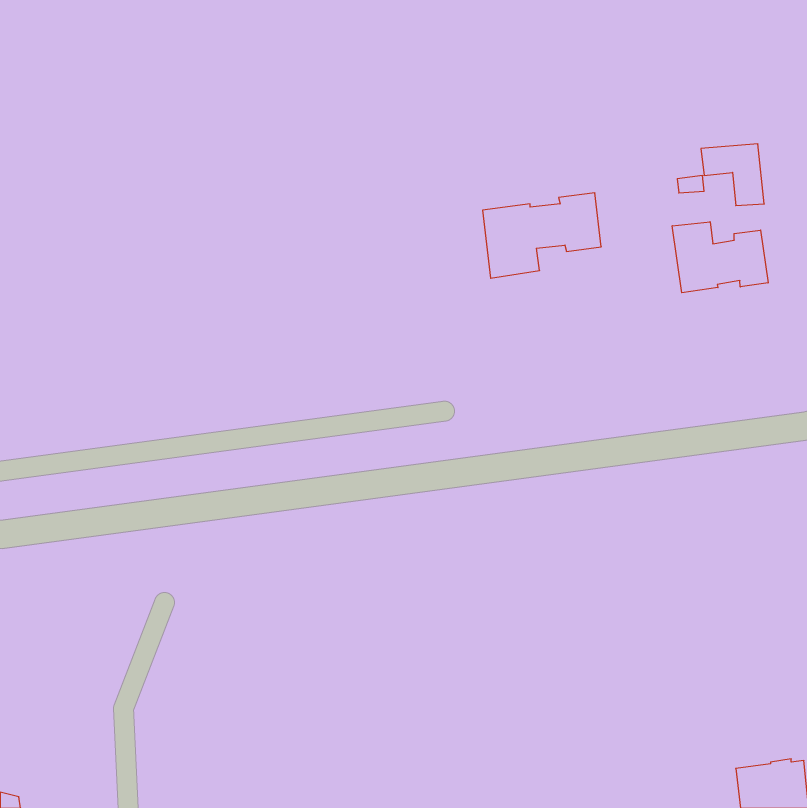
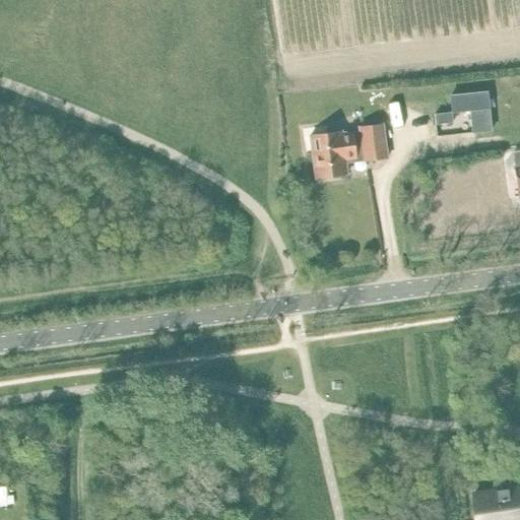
building: [672,222,768,293] -> none

